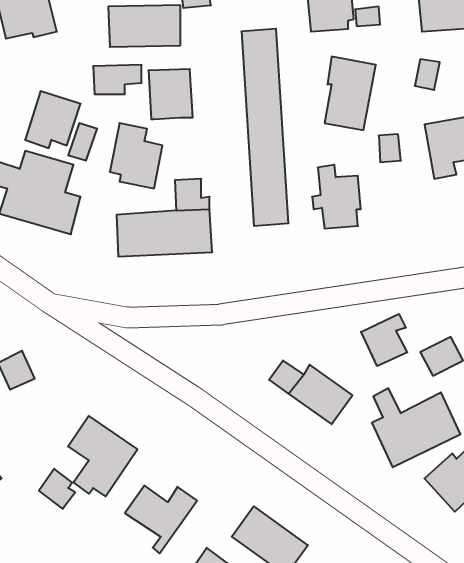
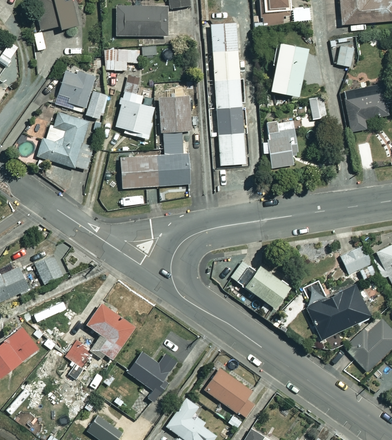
building: [148,69,193,119] -> [160,96,192,132]
building: [361,314,407,366] -> none

